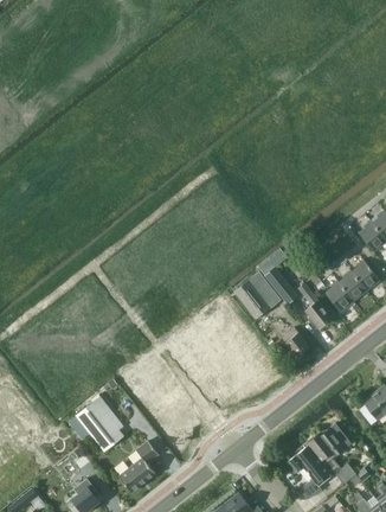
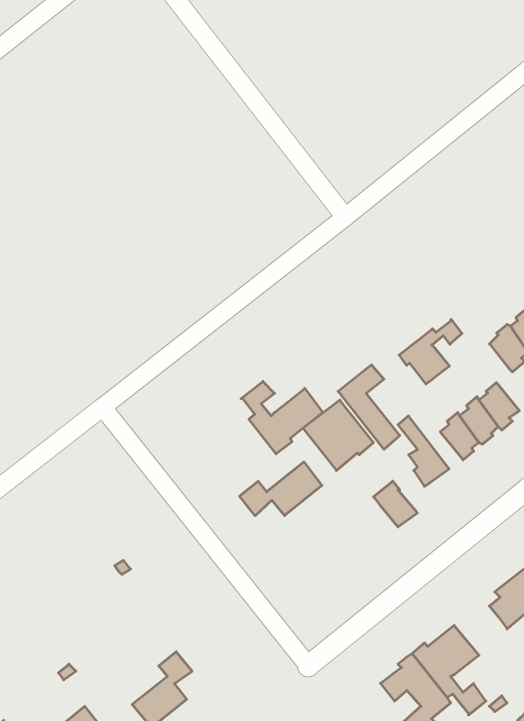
building: none -> [399,319,462,384]
building: none -> [241,381,323,454]
building: none -> [240,462,322,516]
building: [76,396,123,450] -> none

